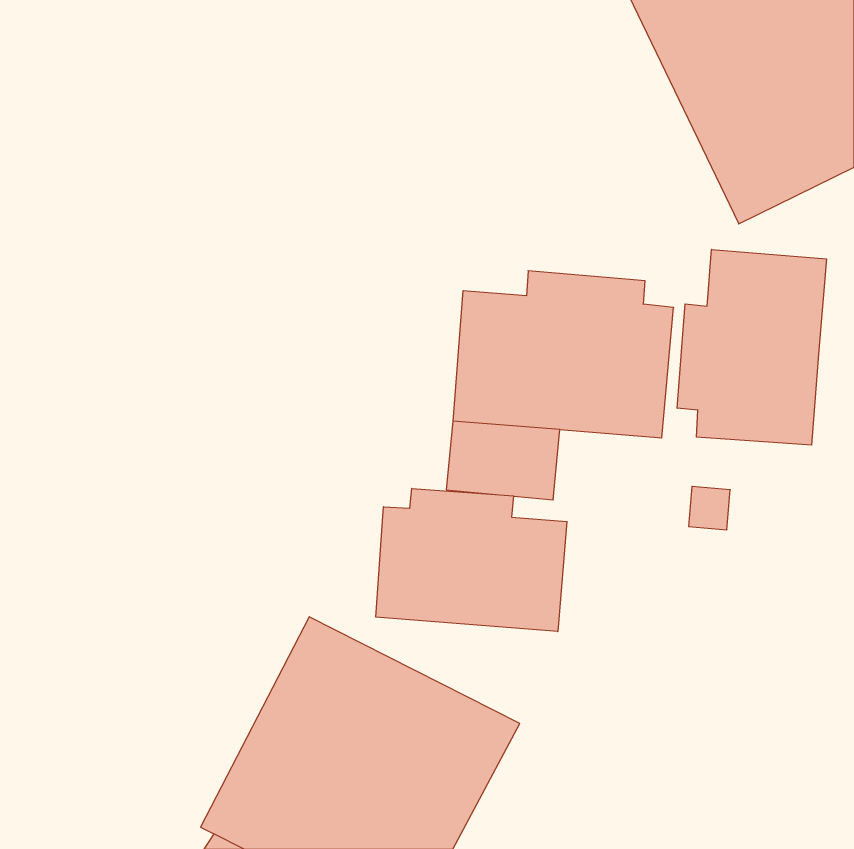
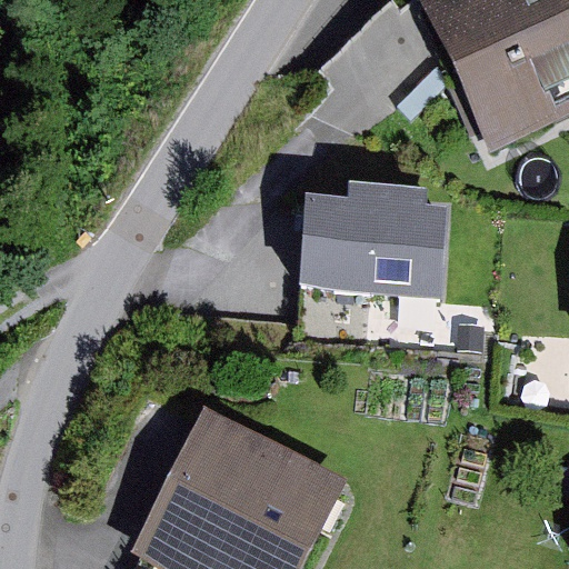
building: [677,249,826,445] -> none
building: [376,488,567,632] -> none

